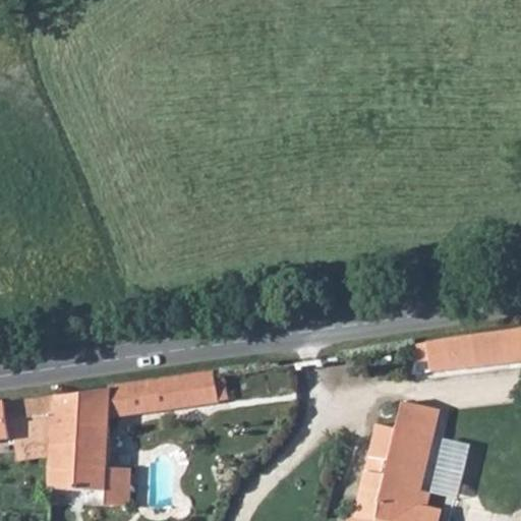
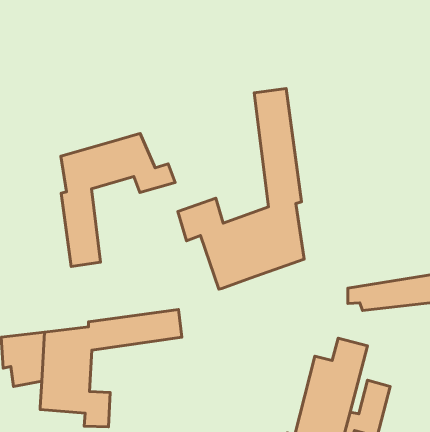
building: none -> [178,88,304,289]
building: none -> [61,133,175,266]

